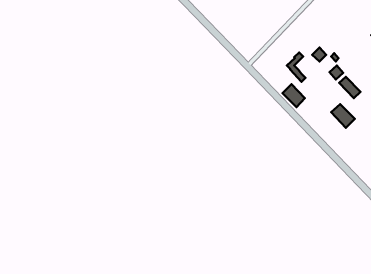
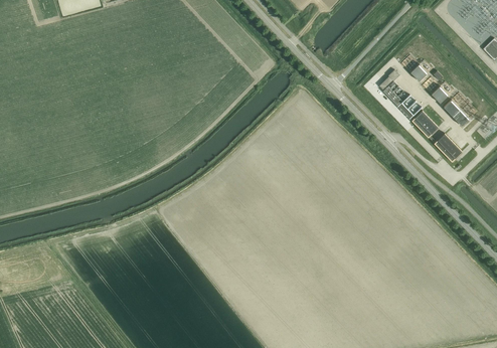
building: [283,84,305,107] -> [411,110,439,138]

